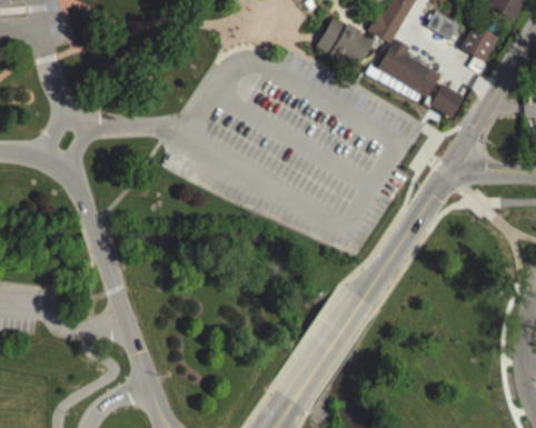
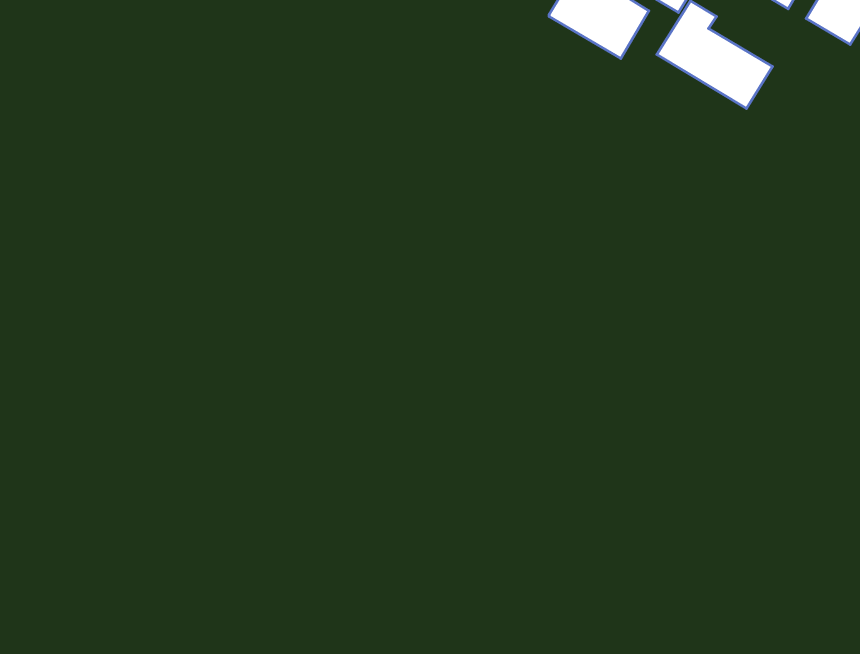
building: [429,84,465,119] -> none

